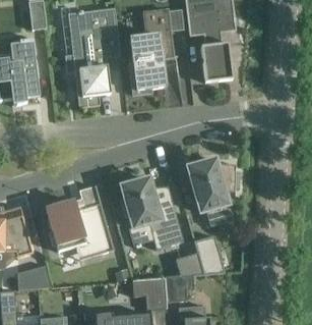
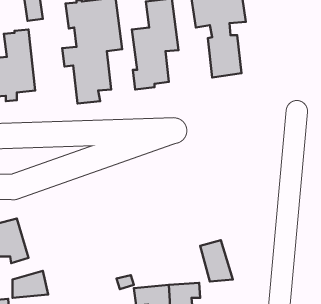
building: [187,159,239,212] -> none
building: [120,176,183,249] -> none
building: [45,198,113,253] -> none

